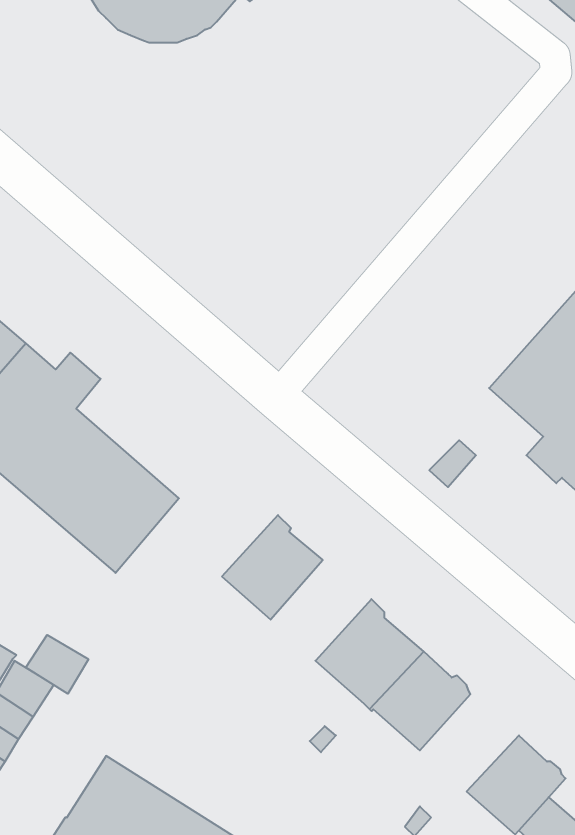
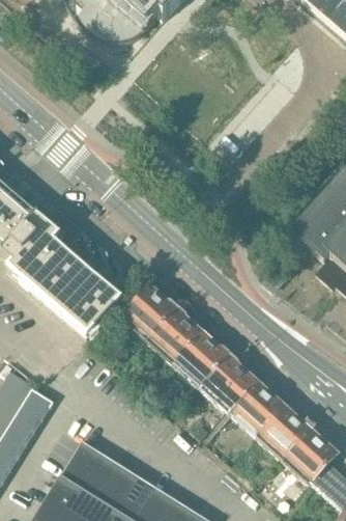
building: none -> [120,284,178,340]
building: none -> [174,331,230,387]
building: [26,635,88,694] -> none
building: none -> [257,406,312,460]

